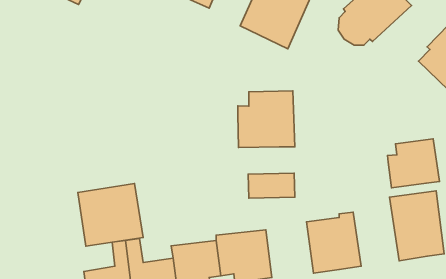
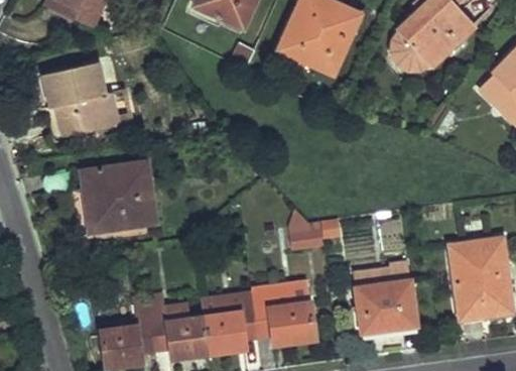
building: none -> [43,63,115,138]
building: [238,91,295,148] -> none
building: [387,139,439,188] -> none
building: [78,184,143,246] -> [79,161,153,233]

